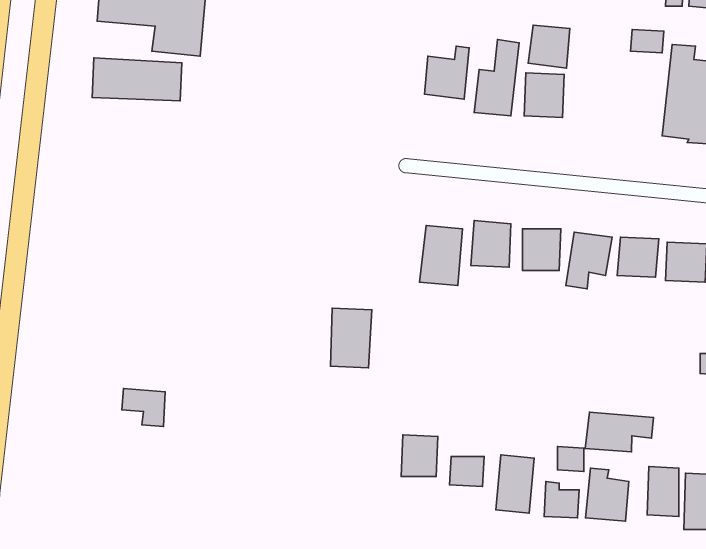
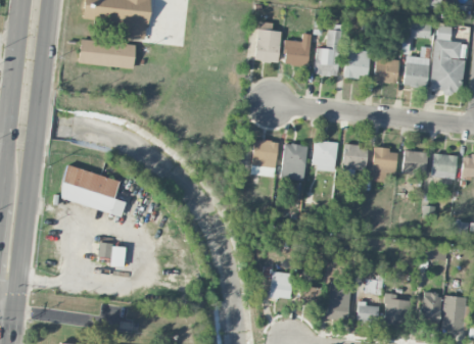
building: [528,25,570,68] -> [374,57,399,84]
building: none -> [254,20,282,62]
building: none -> [404,55,429,87]
building: none -> [59,165,126,215]
building: [330,308,372,368] -> [252,139,278,176]
building: [585,412,653,452] -> none

